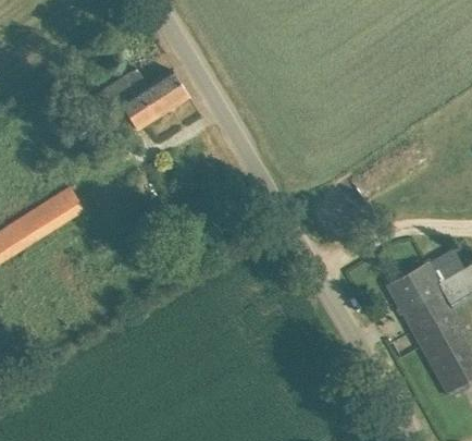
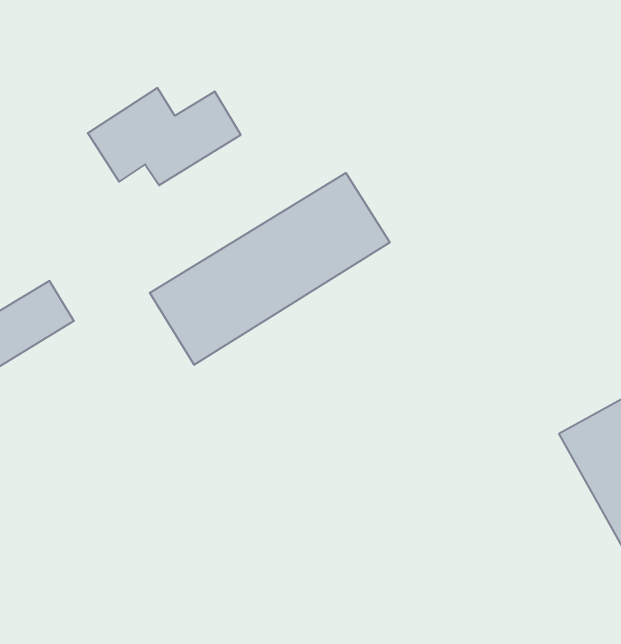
building: none -> [150,173,390,365]

